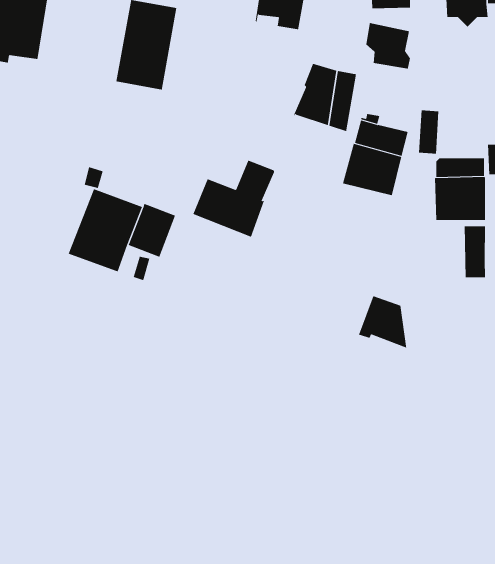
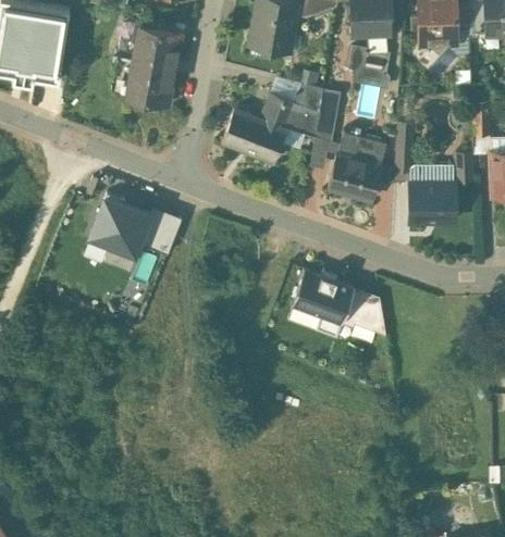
building: [192,160,275,237] -> [221,93,294,162]
building: [464,226,486,278] -> none
building: none -> [290,268,354,337]

